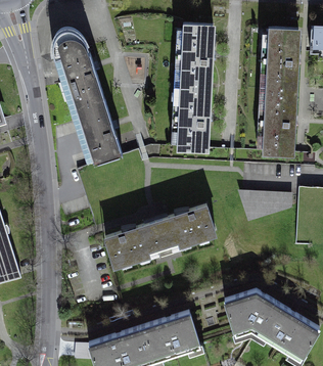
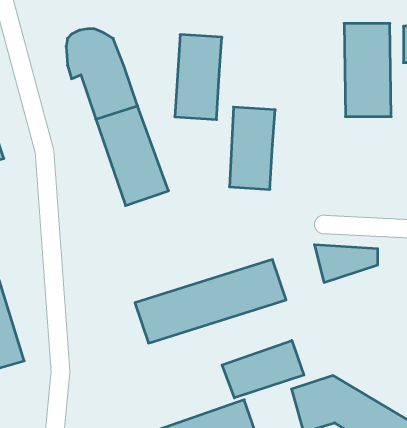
building: [178,26,214,90] -> [175,35,222,120]
building: [263,95,297,157] -> none
building: none -> [222,340,304,398]

